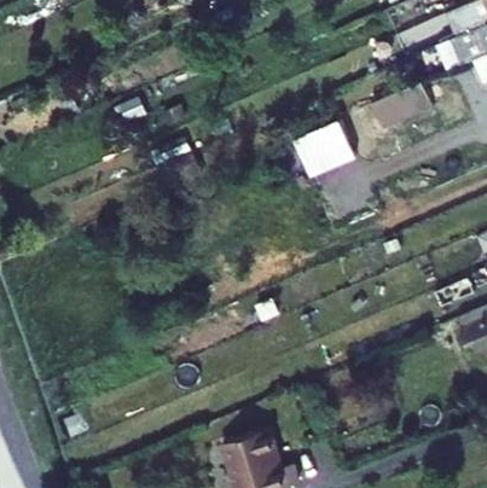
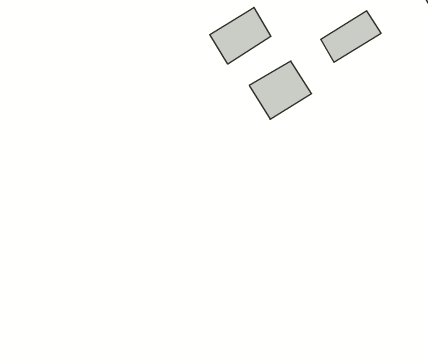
building: none -> [210,7,271,64]

